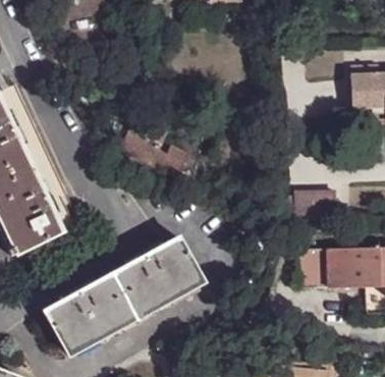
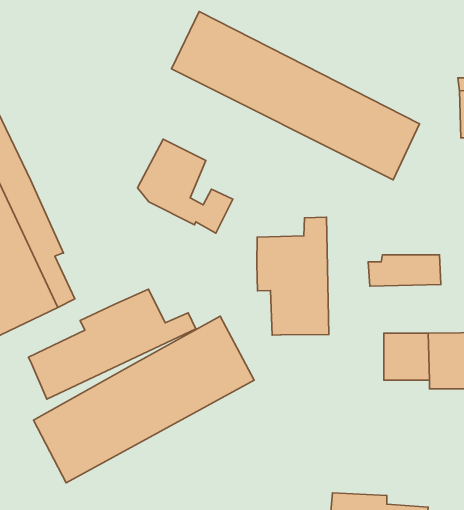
building: none -> [172,12,419,180]
building: none -> [257,217,329,335]
building: none -> [28,289,196,399]

